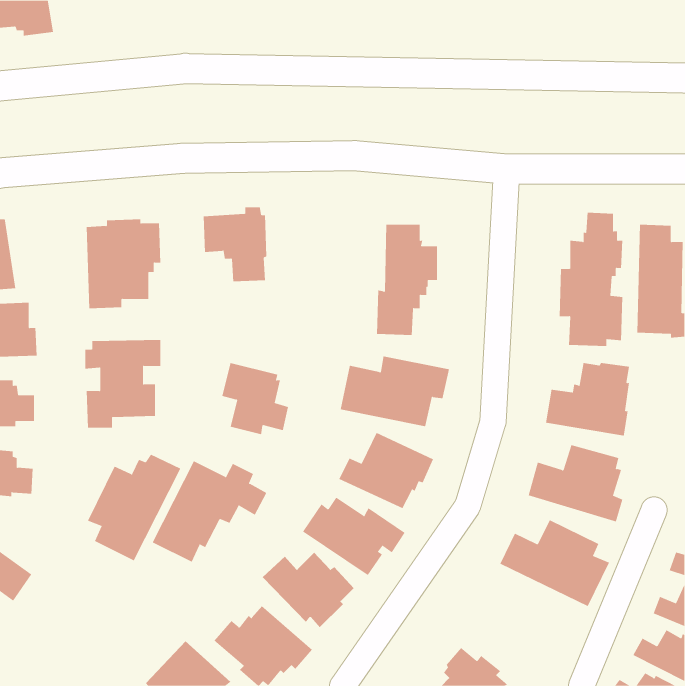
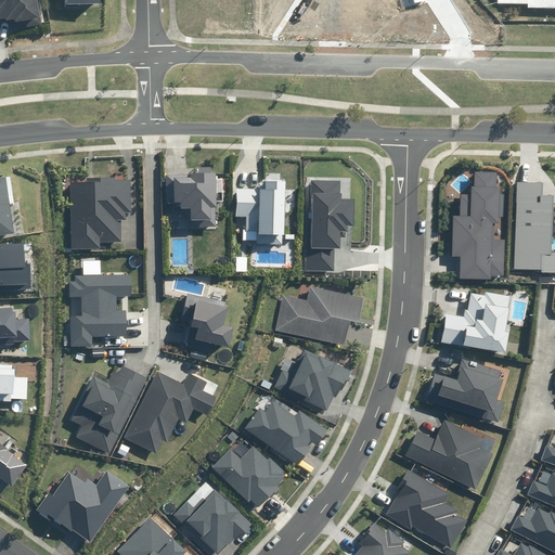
building: none -> [234,181,283,244]
building: none -> [385,468,466,548]
building: none -> [36,470,129,543]

